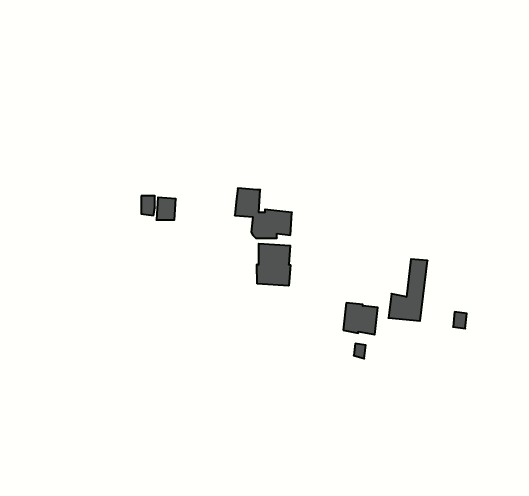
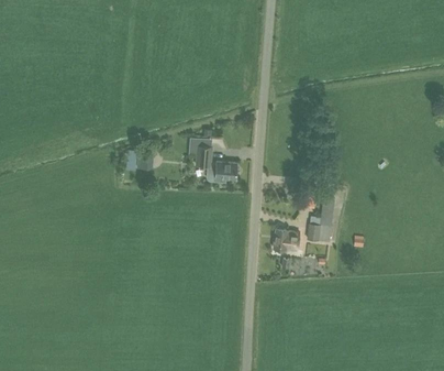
building: [257,244,290,286] -> none

